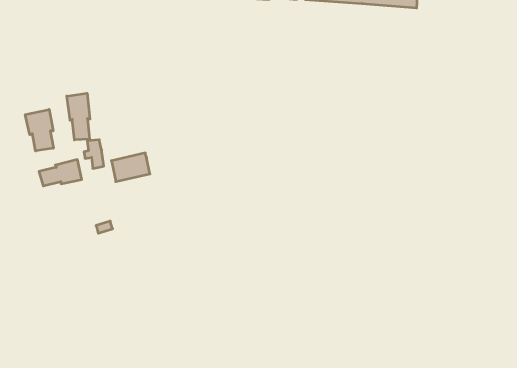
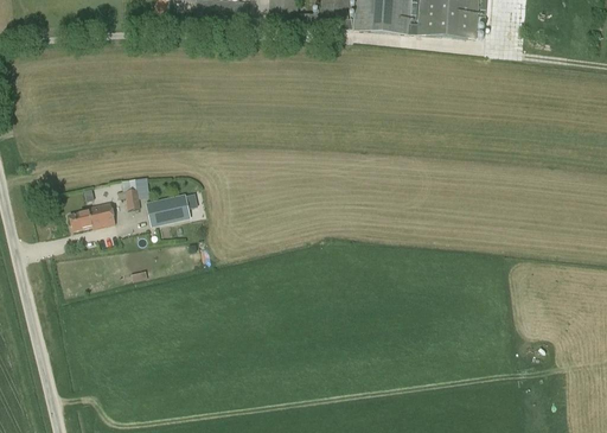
building: [67,93,90,140] -> none
building: [25,109,53,151] -> none

